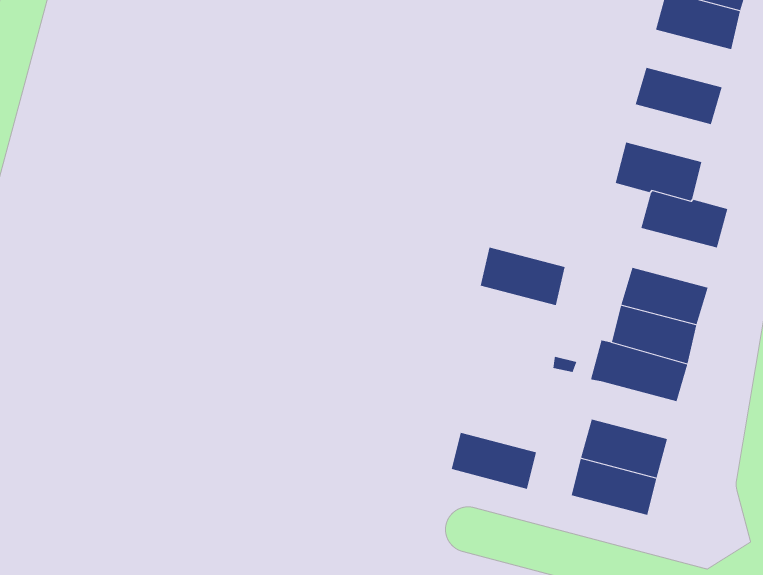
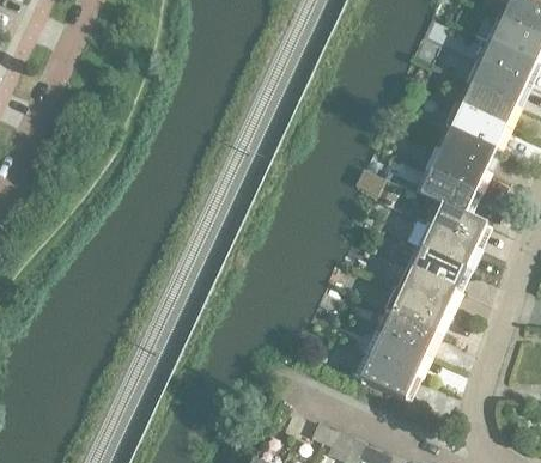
building: none -> [446,104,505,148]
building: none -> [431,150,485,191]
building: [480,247,565,306] -> [421,225,475,268]
building: [451,432,537,489] -> [381,313,434,355]

